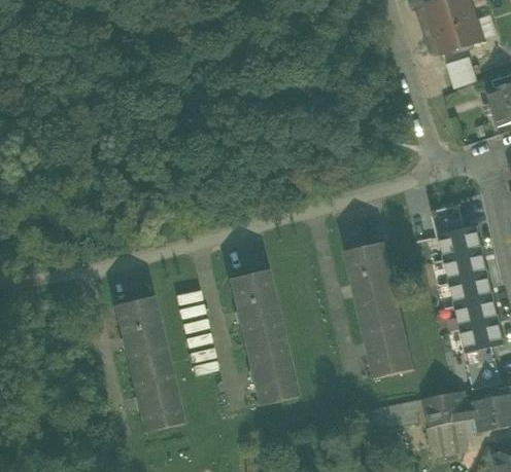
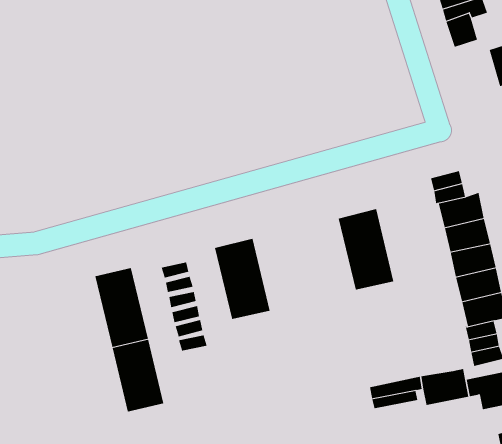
building: [362,308,413,376] -> none
building: [244,336,296,404] -> none
building: [429,415,482,456] -> none

